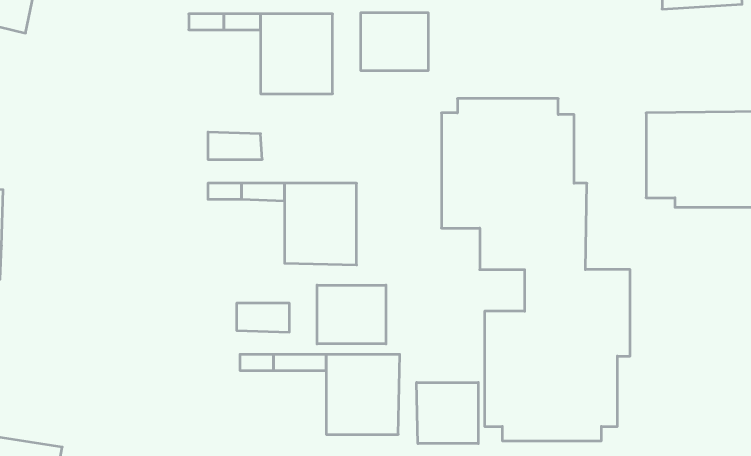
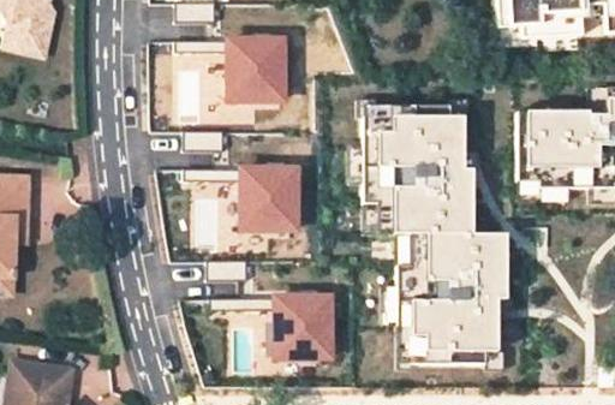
building: [361,13,428,71] -> none
building: [317,285,386,344] -> none
building: [417,382,478,444] -> none

